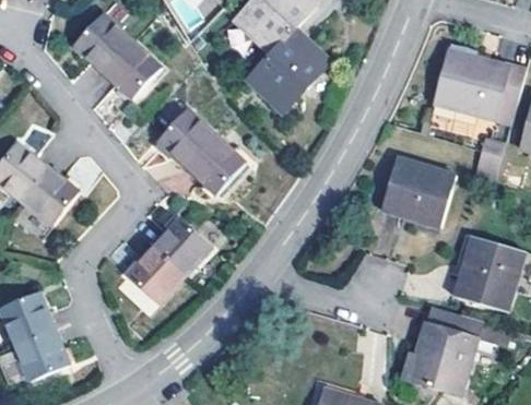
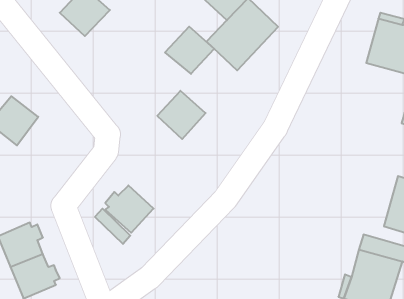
building: [102,41,160,99] -> none
building: [156,110,214,166] -> [165,27,214,74]
building: [379,159,453,227] -> none
building: [22,167,79,225] -> none
building: [153,217,211,275] -> none

